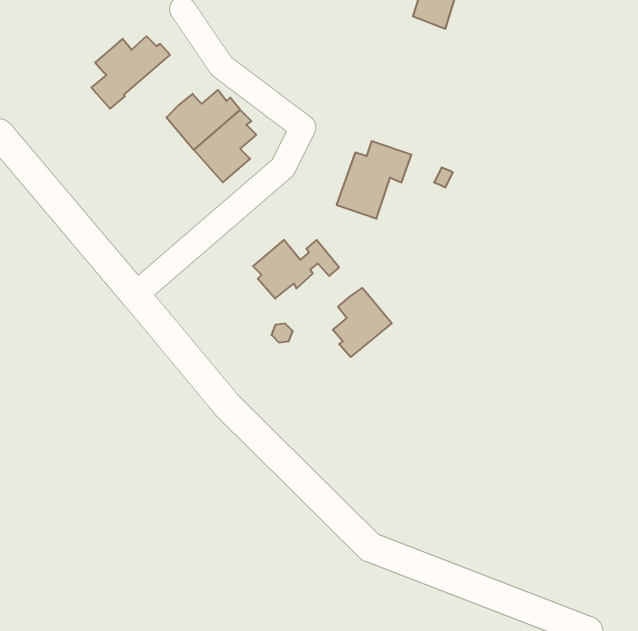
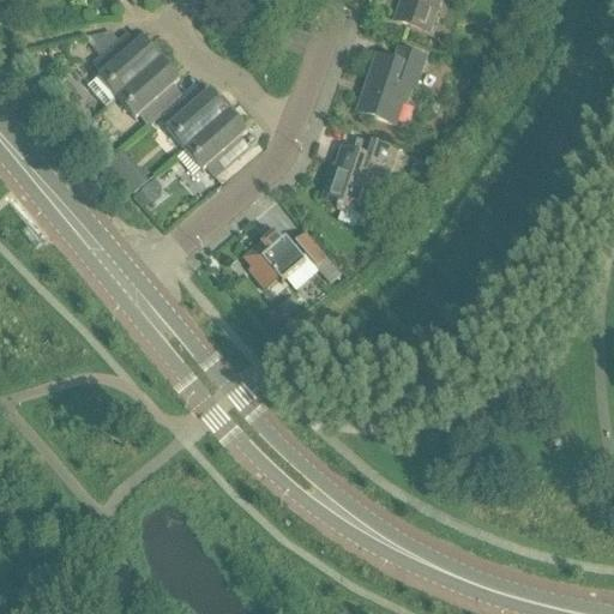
building: none -> [356,44,425,121]
building: none -> [119,53,179,124]
building: [333,288,392,357] -> none

